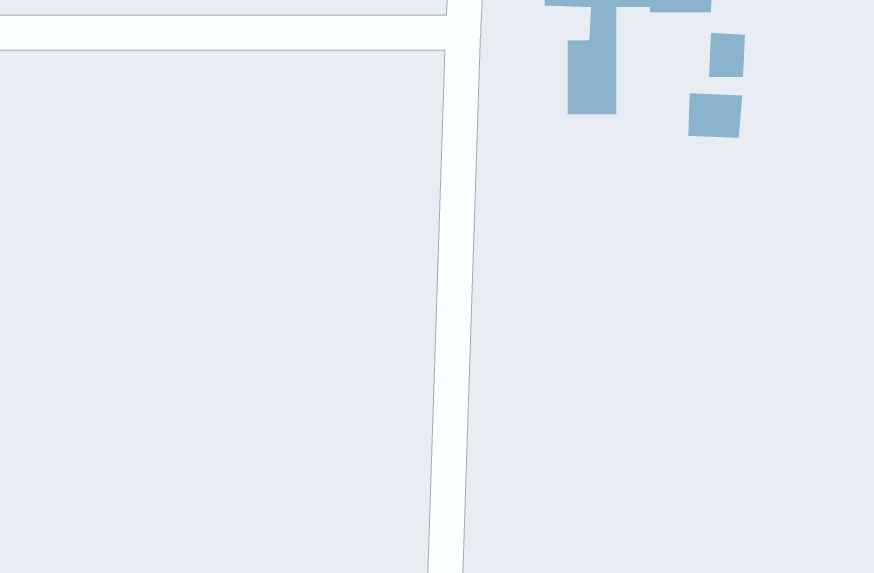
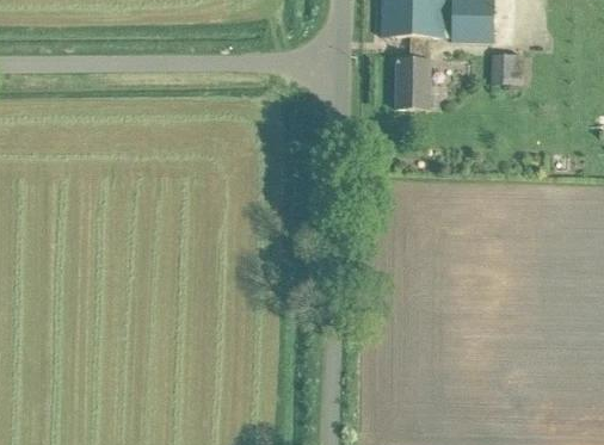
building: [688,93,743,138] -> none

